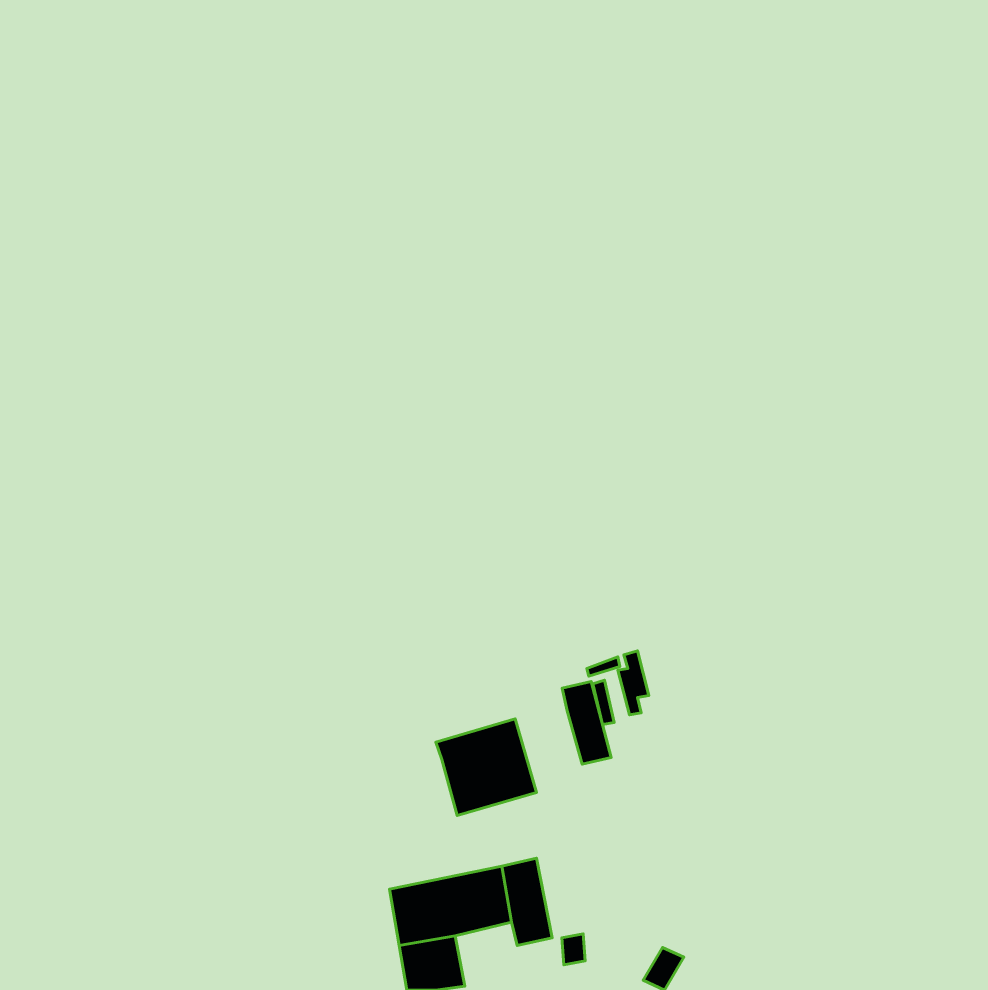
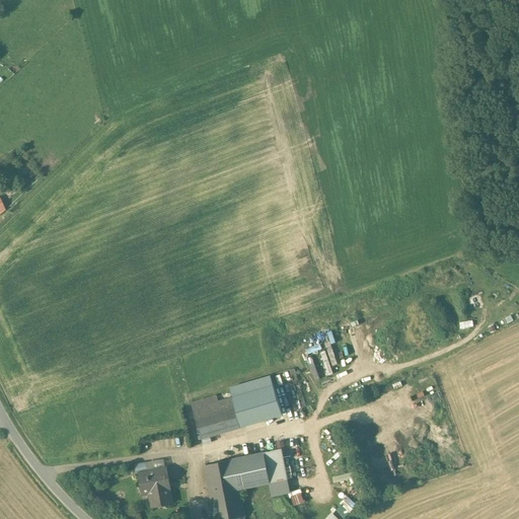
building: [562,682,611,764] -> none
building: none -> [192,397,239,439]
building: none -> [138,468,170,507]

